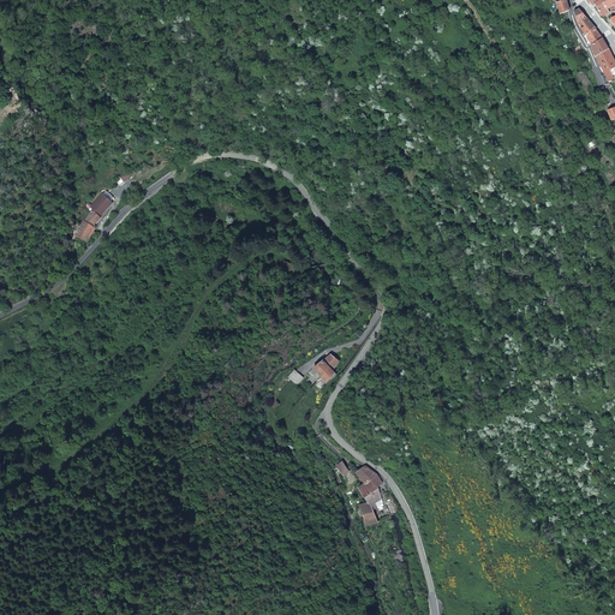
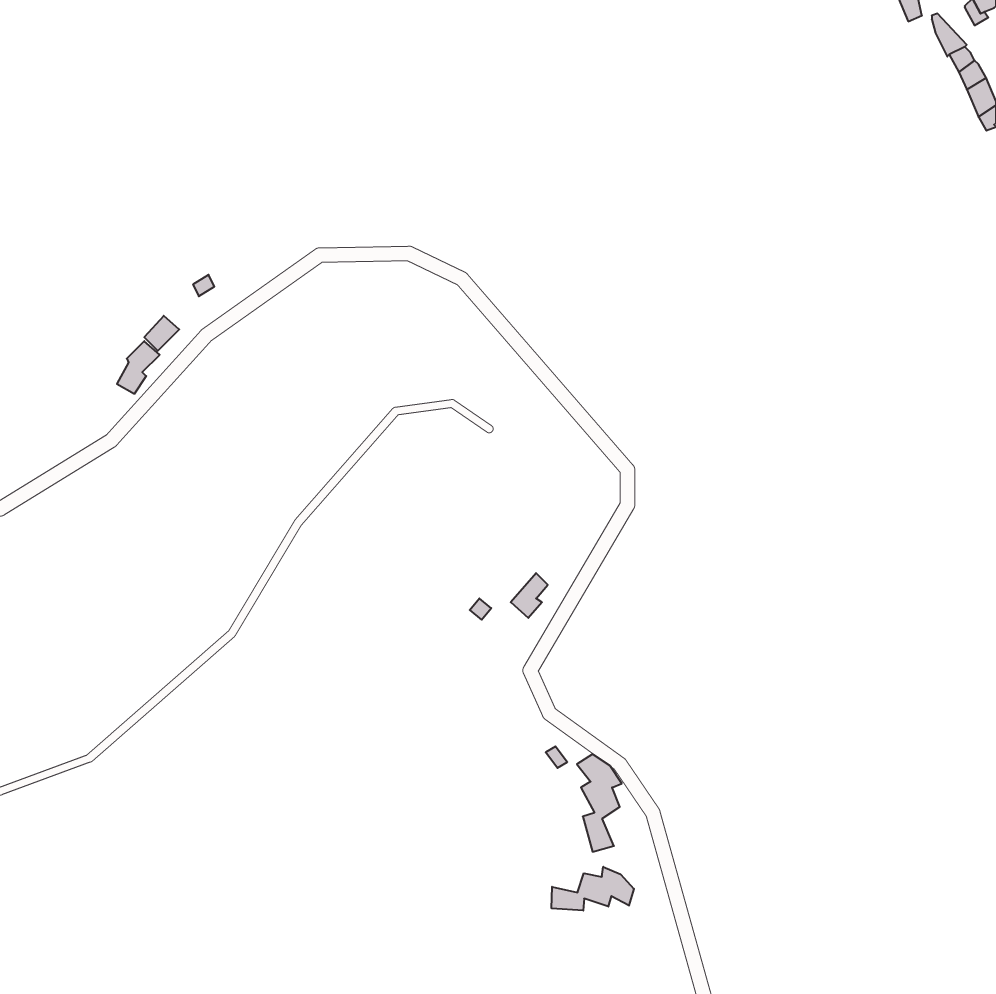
building: none -> [552,867,634,911]

